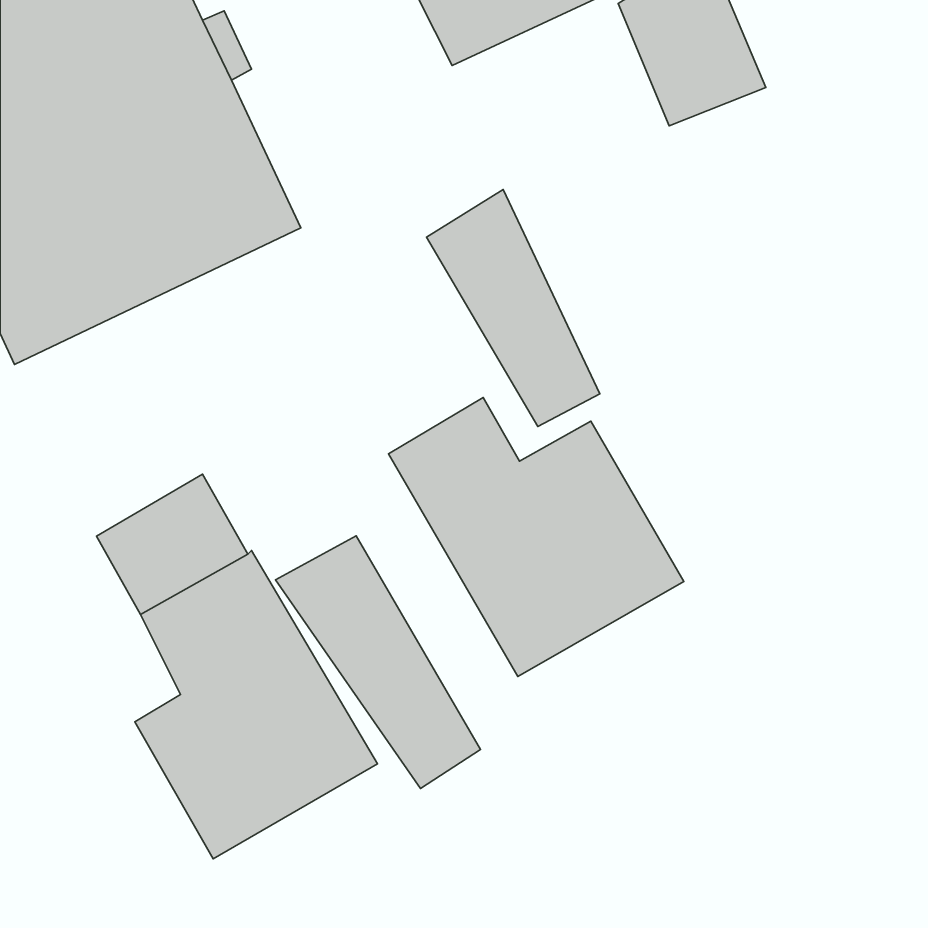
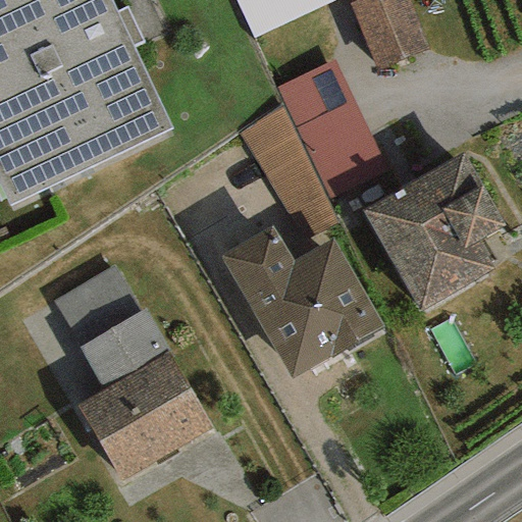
building: none -> [277,58,388,196]
building: none -> [363,151,508,311]
building: [276,536,481,788] -> none

